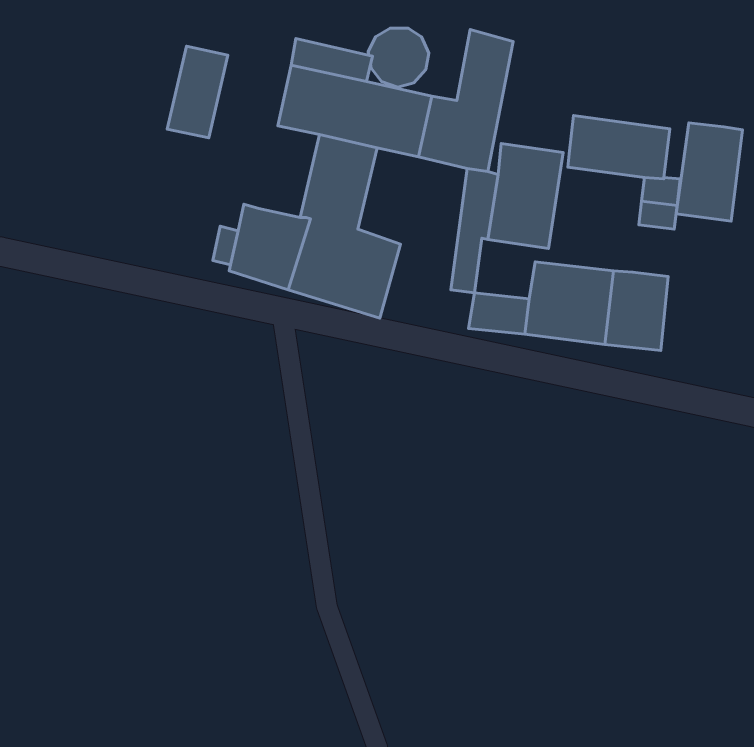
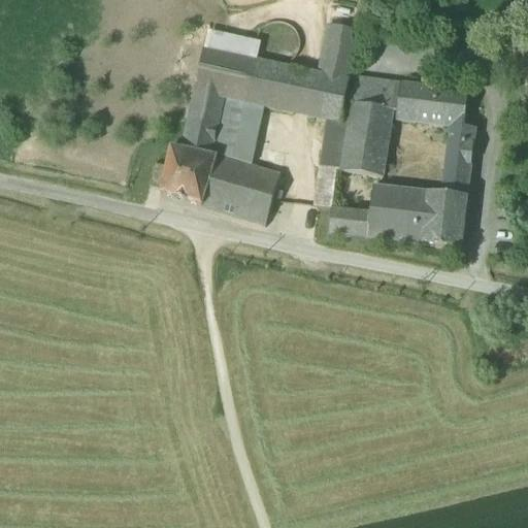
building: [167,46,228,138] -> [182,88,224,152]
building: none -> [351,74,401,107]
building: [676,123,742,221] -> none
building: none -> [442,157,471,193]

